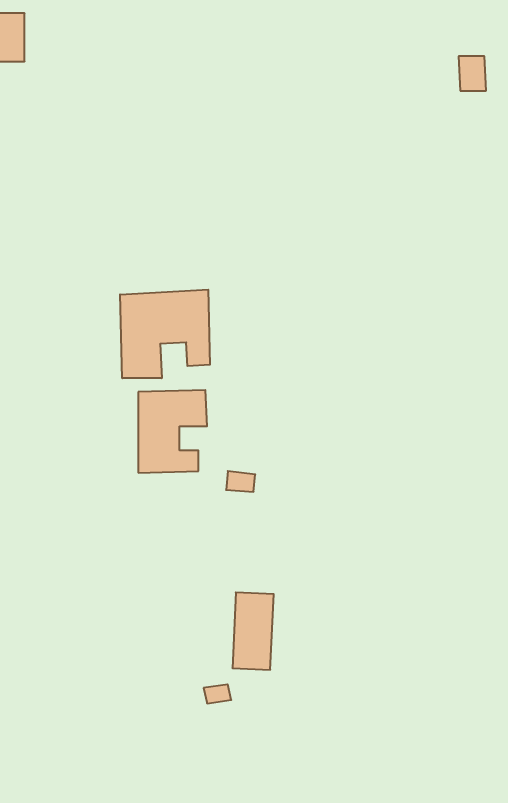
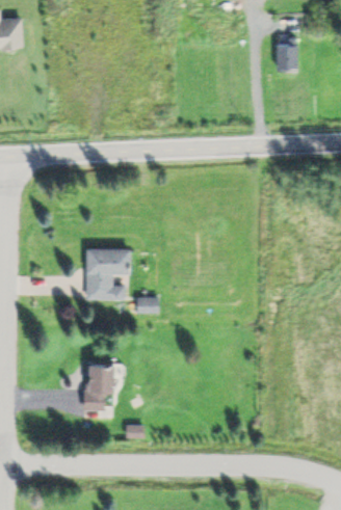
building: [120,290,210,378] -> none
building: [232,592,274,670] -> [85,364,110,410]

